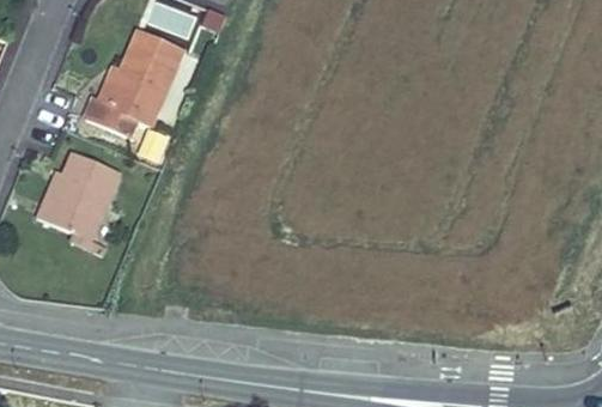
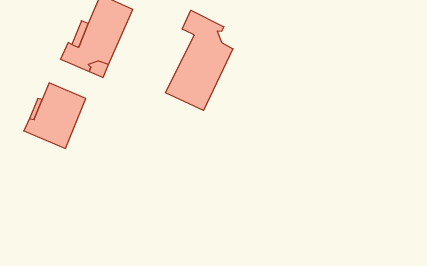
building: none -> [165,10,233,110]

